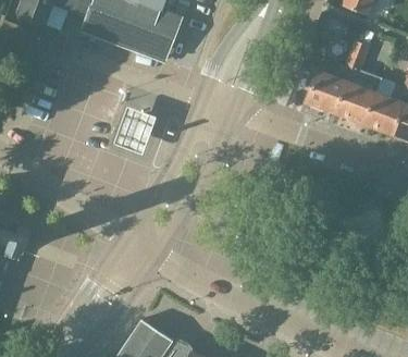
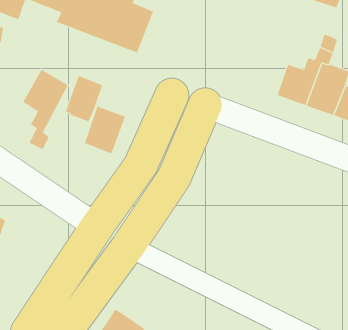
building: none -> [23,69,69,150]
building: none -> [65,75,103,122]

